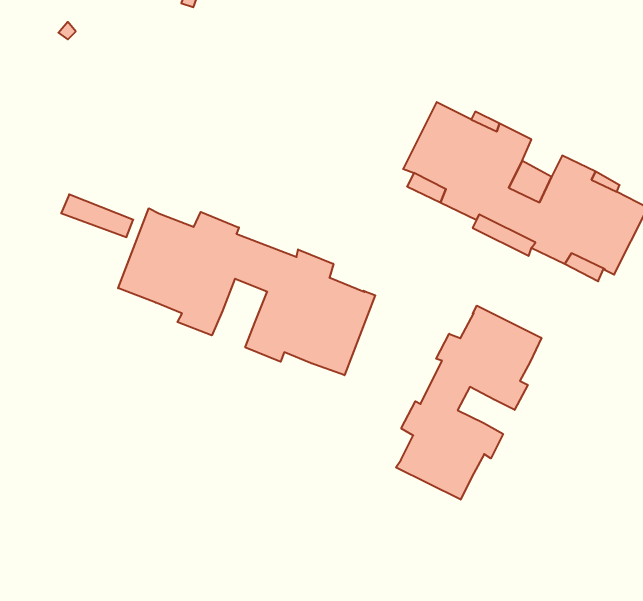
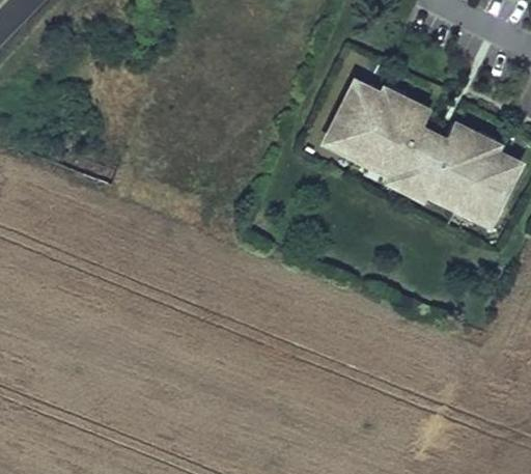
building: [118,208,375,375] -> none
building: [396,306,541,500] -> none

